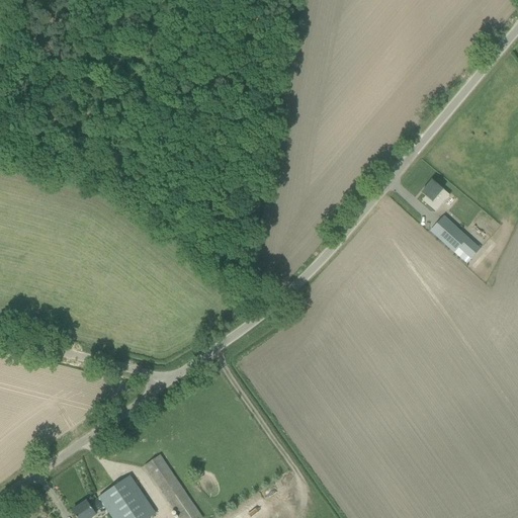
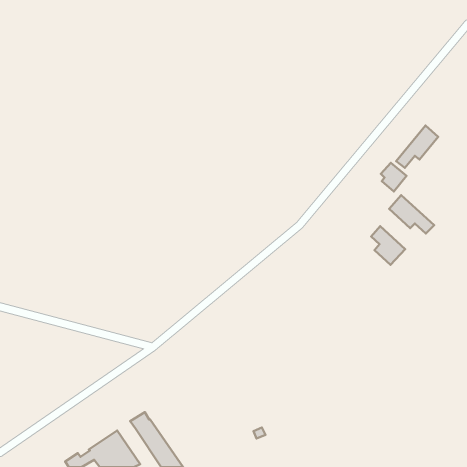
building: none -> [396,126,438,168]
building: none -> [371,226,405,265]

